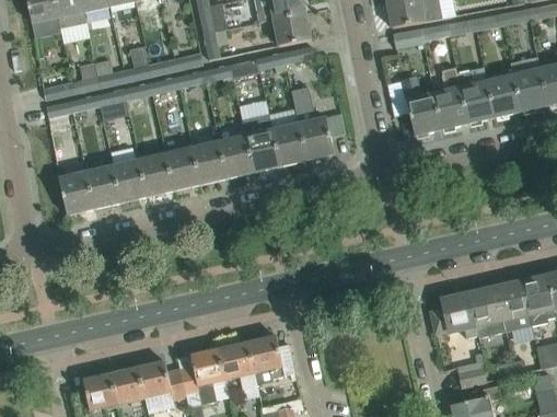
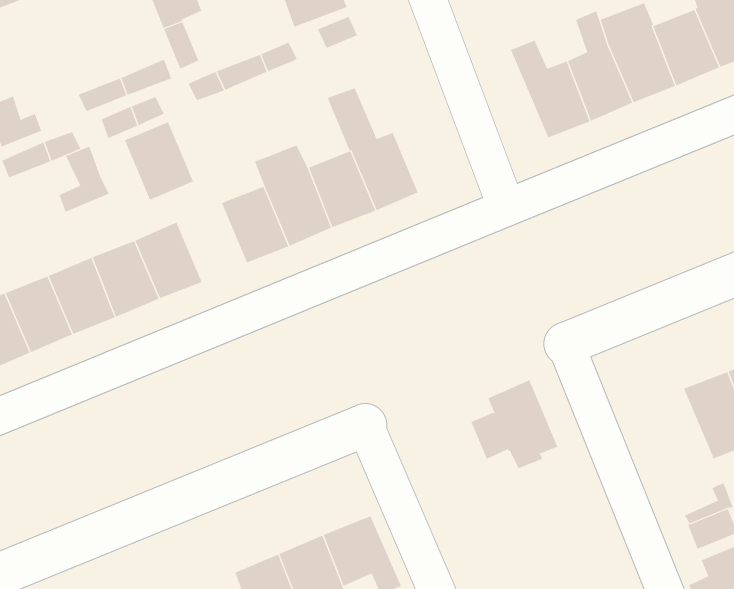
building: [121,45,151,81] -> [58,146,109,213]
building: [193,140,229,184] -> [124,121,194,201]
building: [430,292,478,343] -> [471,380,558,469]

